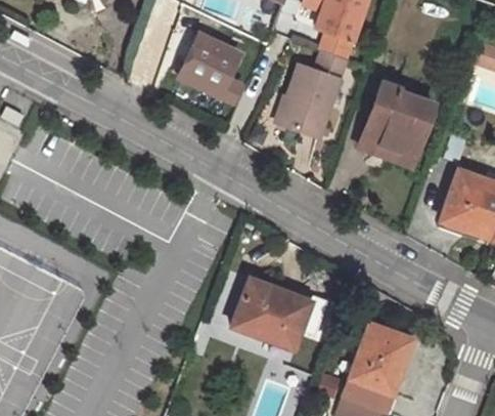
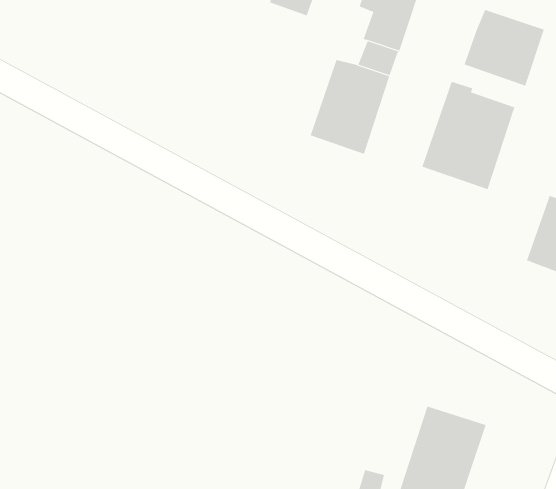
building: none -> [464,9,545,87]
building: [179,37,243,107] -> none
building: [232,276,311,345] -> none

